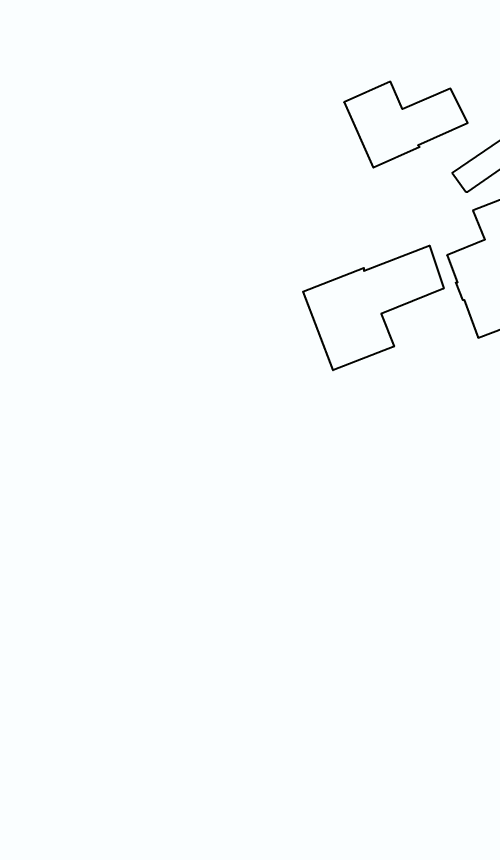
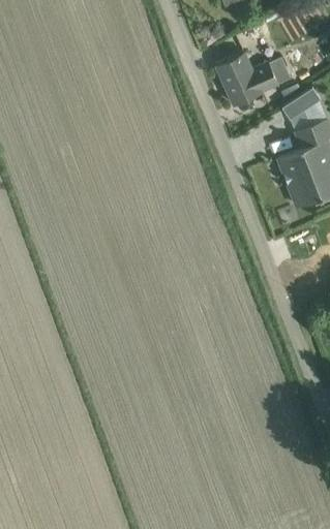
building: [303,246,444,370] -> none

